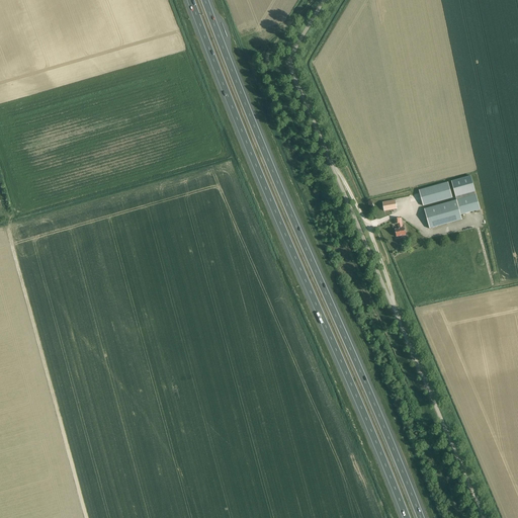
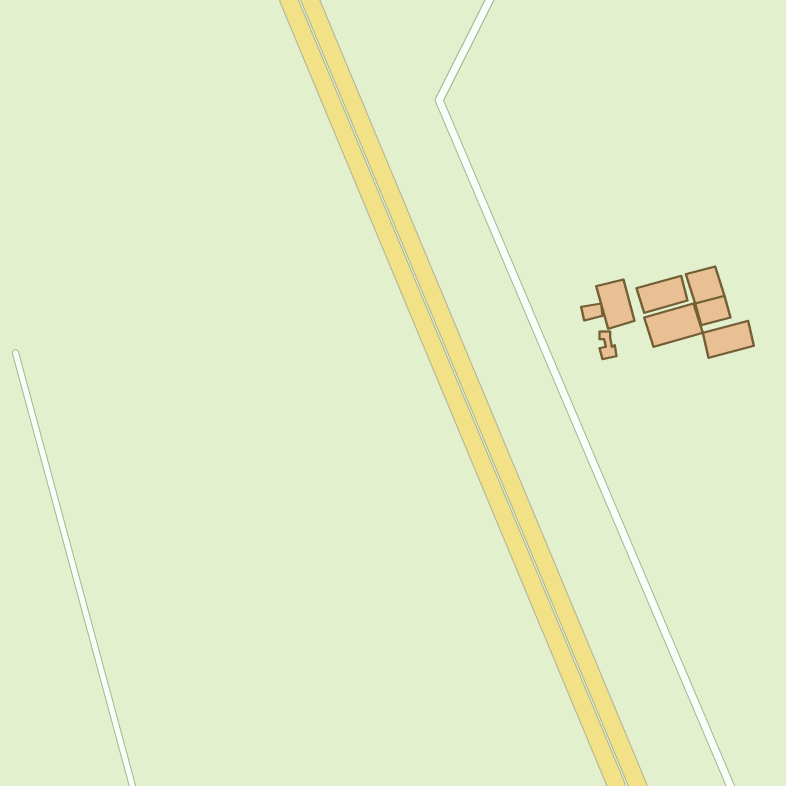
building: none -> [596,280,634,329]
building: none -> [703,321,754,358]

